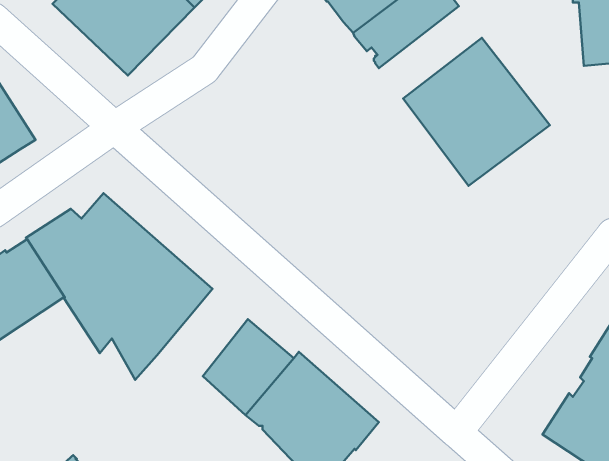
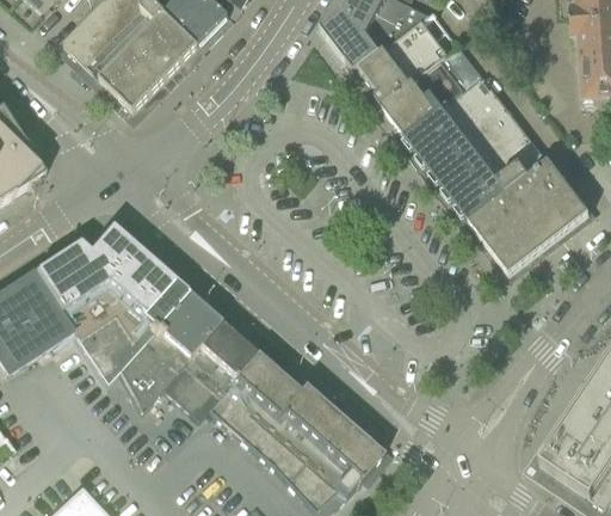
building: none -> [382,44,483,135]
building: none -> [470,161,590,275]
building: none -> [163,322,253,419]

